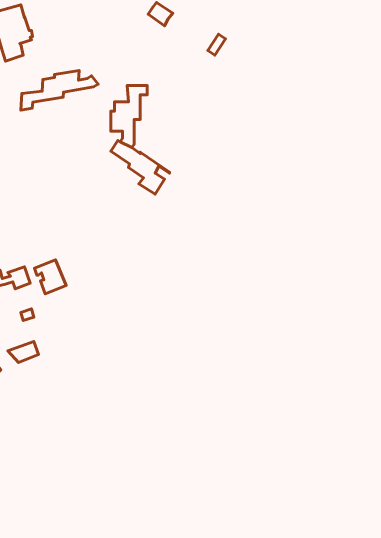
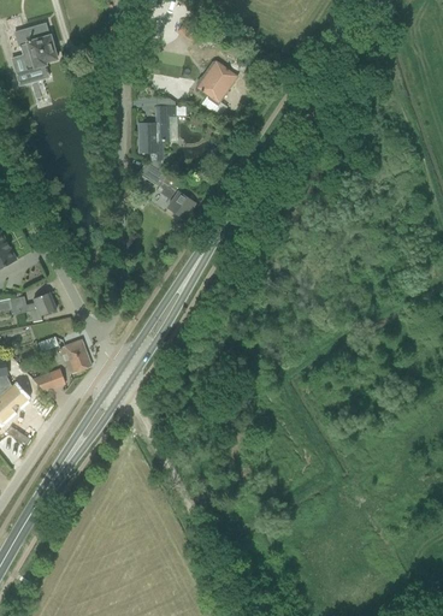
building: none -> [197,61,237,105]
building: [21,70,98,110] -> none
building: [35,260,66,294] -> [59,339,91,374]

